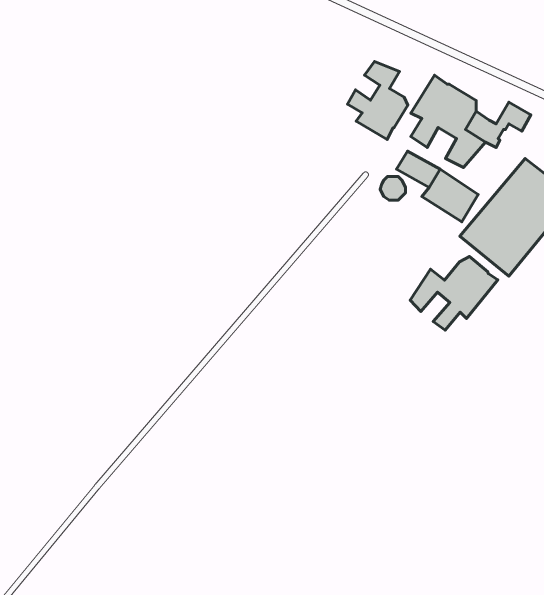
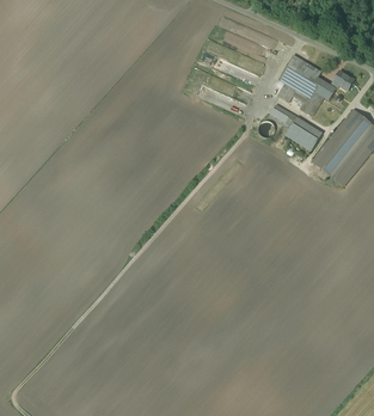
building: [348,62,408,139] -> none
building: [410,257,498,330] -> none

